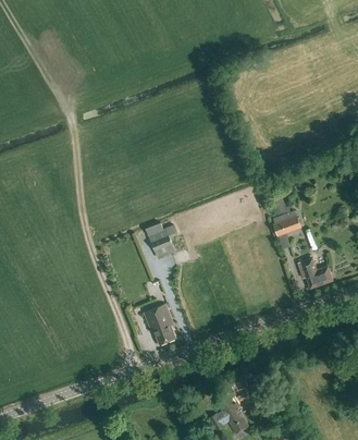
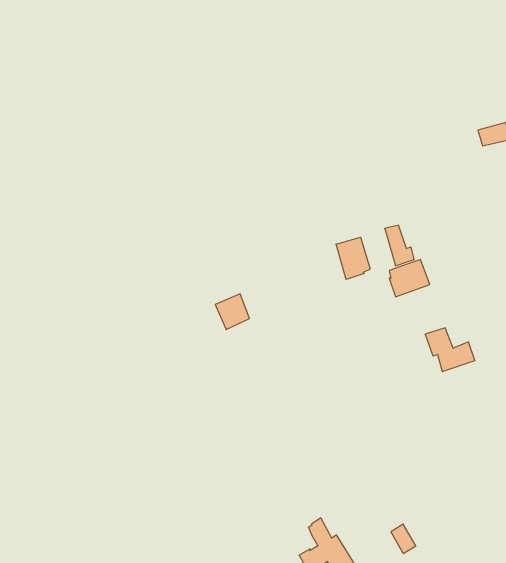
building: none -> [336,237,370,279]
building: [145,304,176,345] -> none

